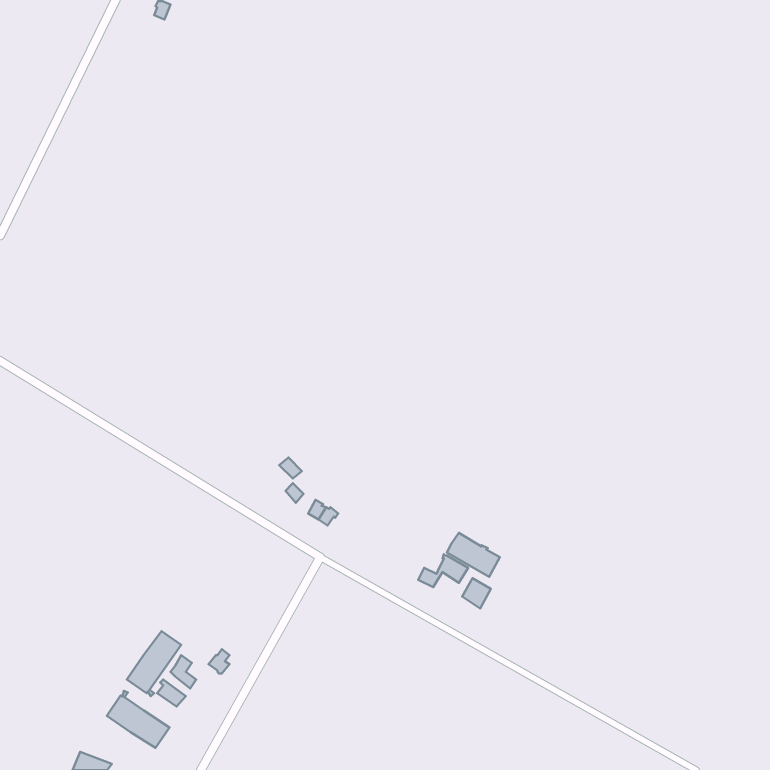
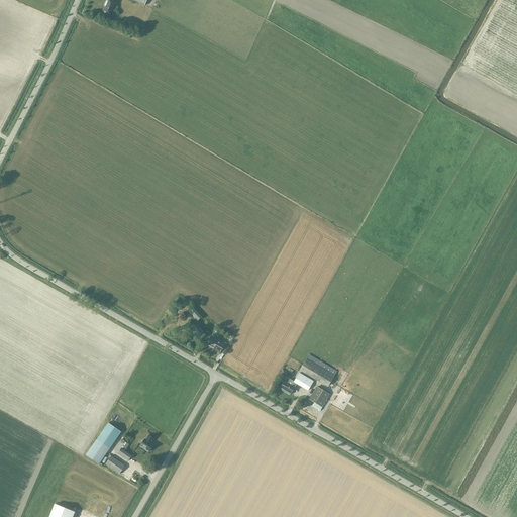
building: [107,691,169,748] -> none

